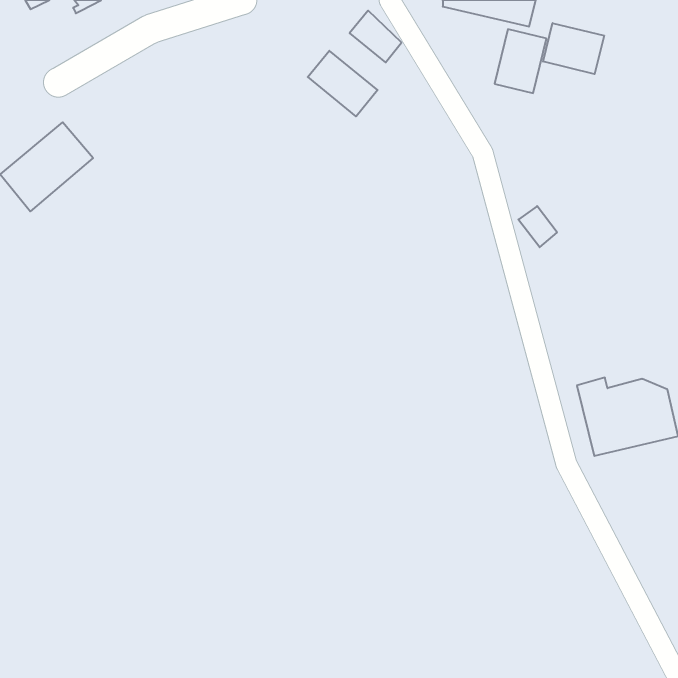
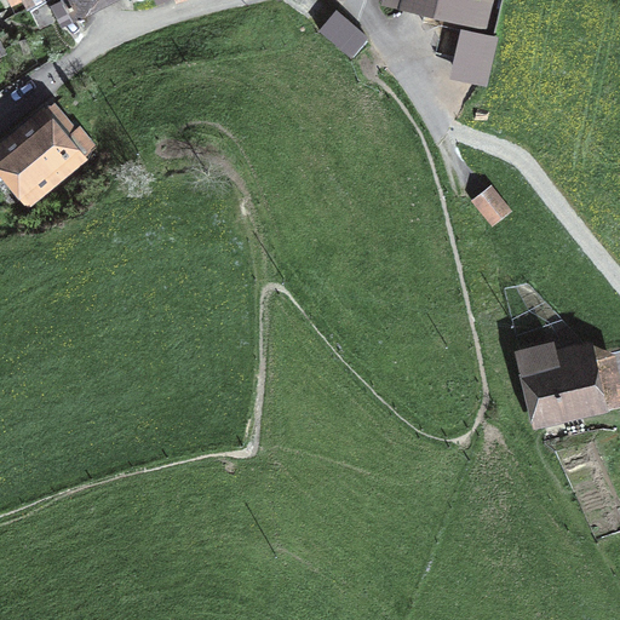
building: [543,23,604,74] -> none
building: [308,51,378,116] -> none

